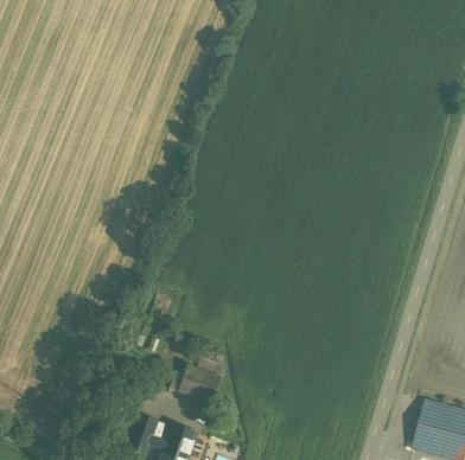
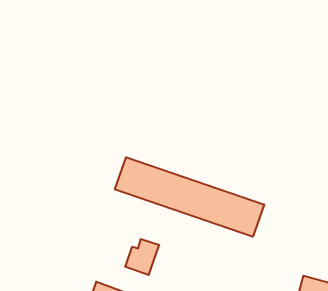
building: none -> [115,157,264,237]

